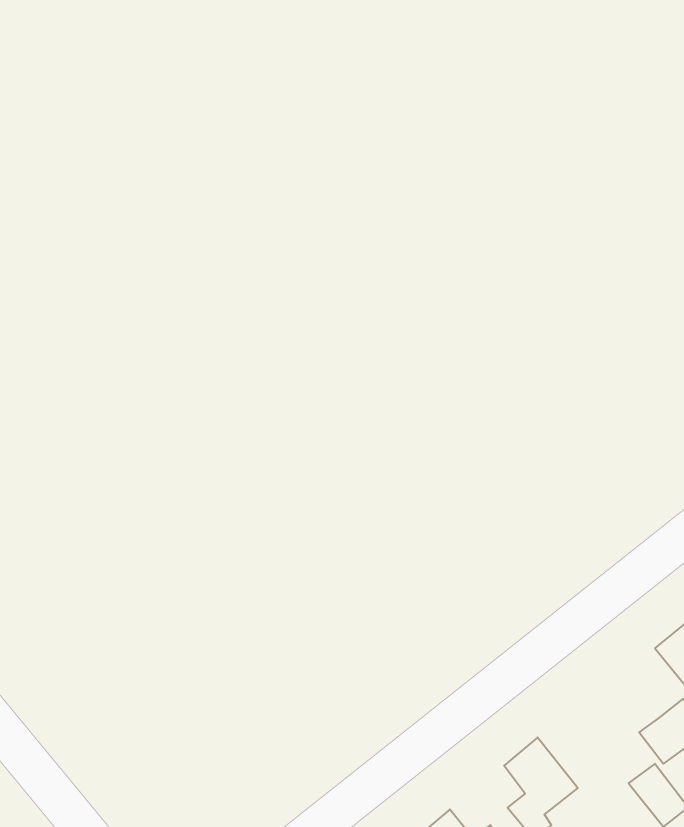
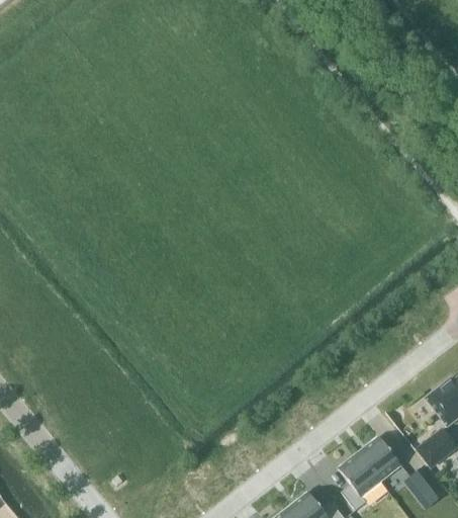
building: none -> [357,437,399,482]

